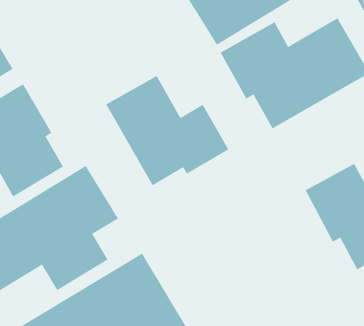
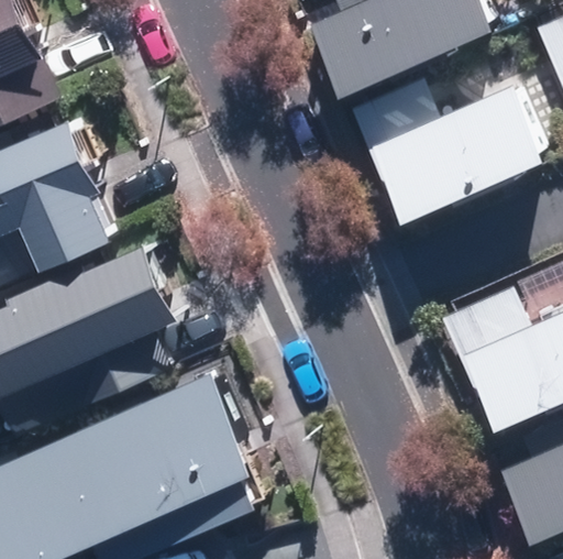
building: [106,75,229,186] -> none

